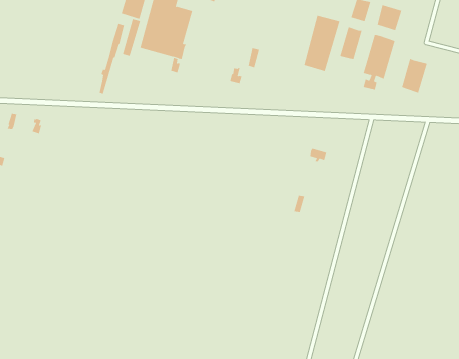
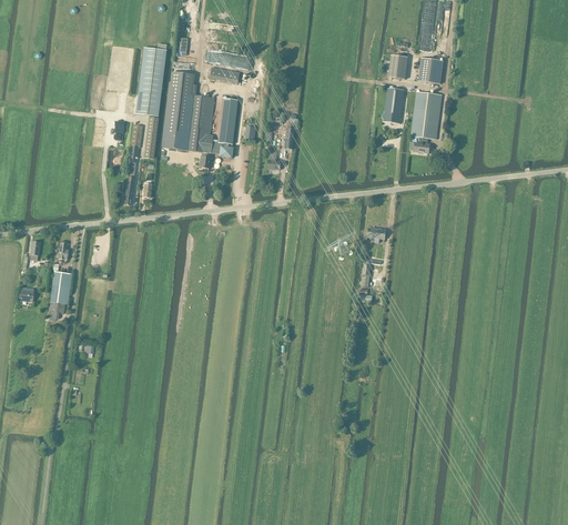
building: none -> [211,98,237,157]
building: [304,15,340,72] -> none
building: [401,58,427,93] -> none
building: none -> [49,271,69,317]

